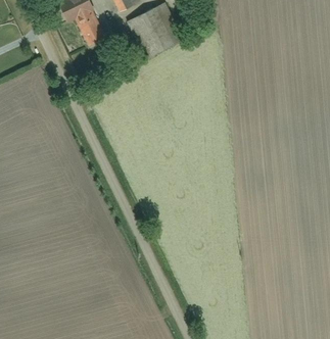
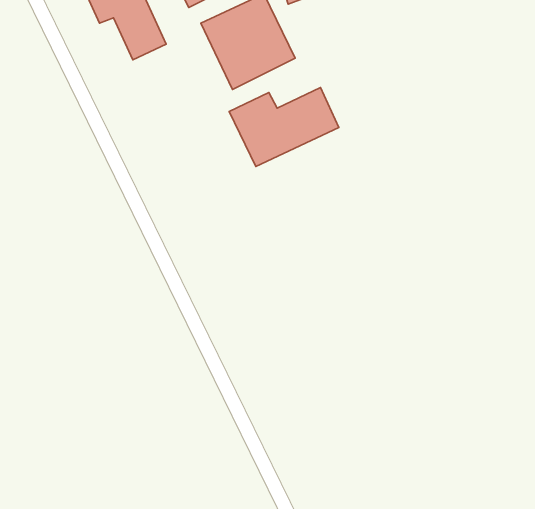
building: none -> [229,88,339,167]

